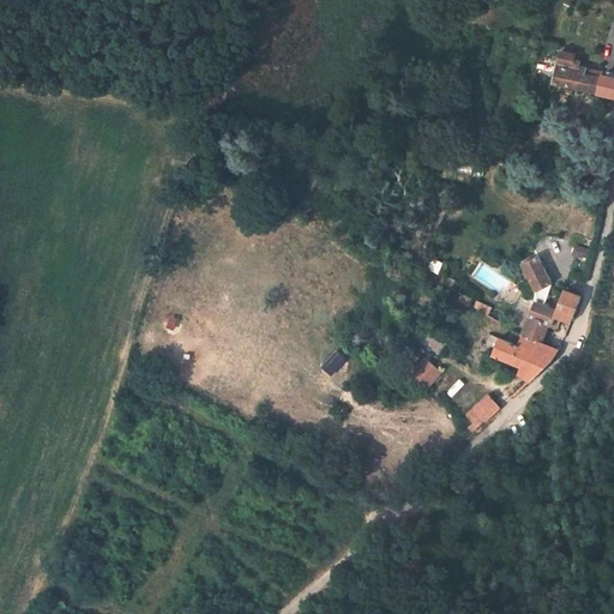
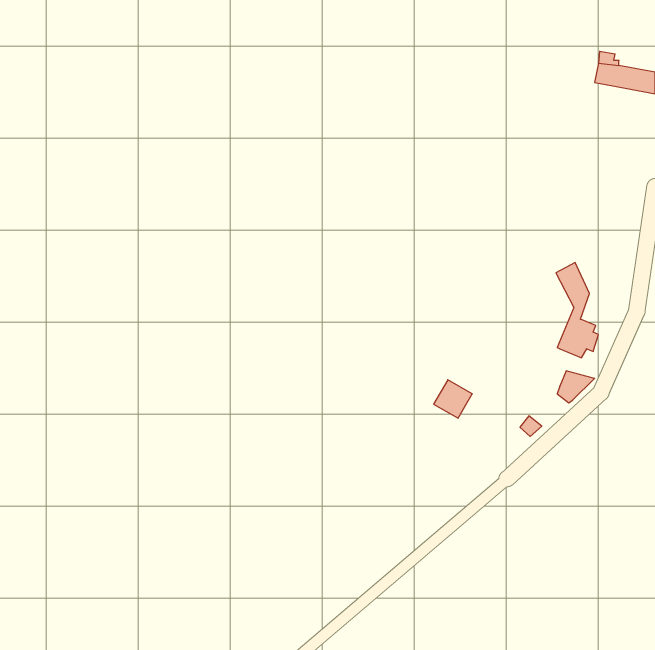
building: [553,289,579,323] -> none
building: [489,332,559,367] -> none

